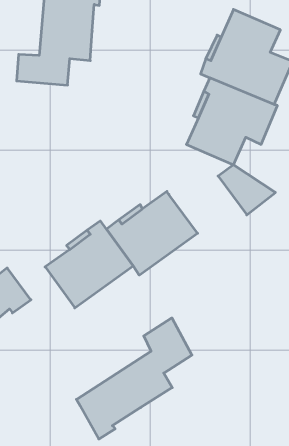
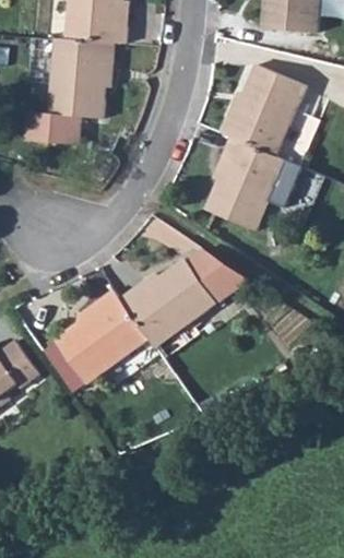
building: [218,165,275,215] -> [187,249,248,302]
building: [76,318,192,439] -> none

